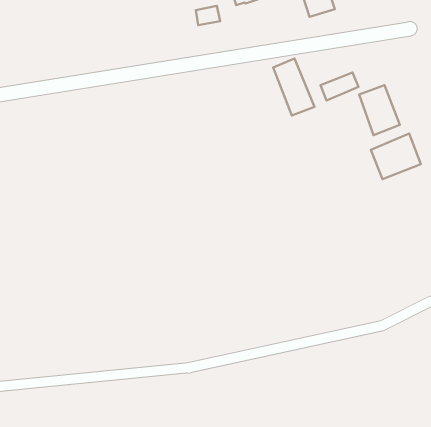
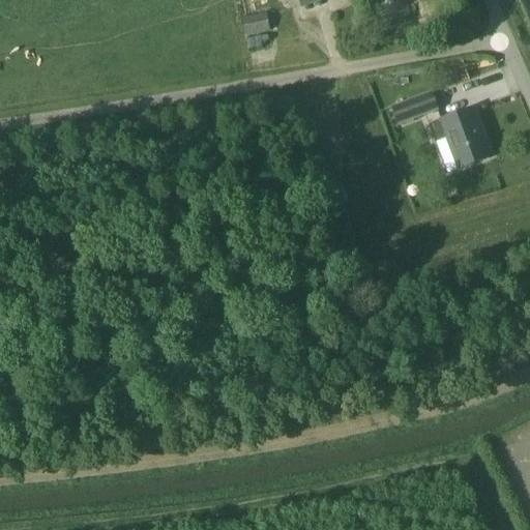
building: [273,59,315,116] -> none
building: [371,134,421,179] -> none

